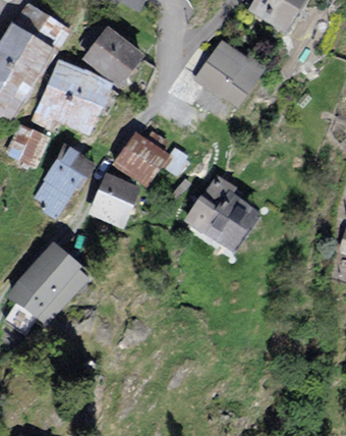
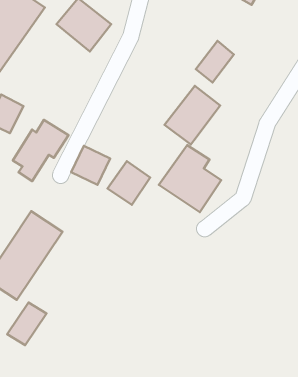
building: [196,40,254,101] -> [164,86,220,144]
building: [28,58,113,138] -> none
building: [117,133,162,179] -> [107,161,150,205]
building: none -> [7,303,46,345]

